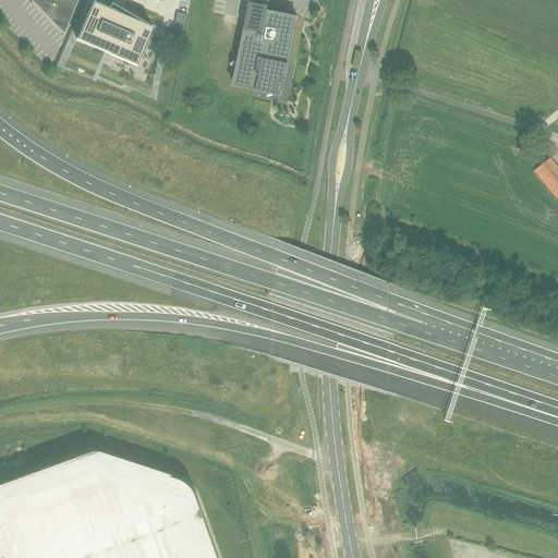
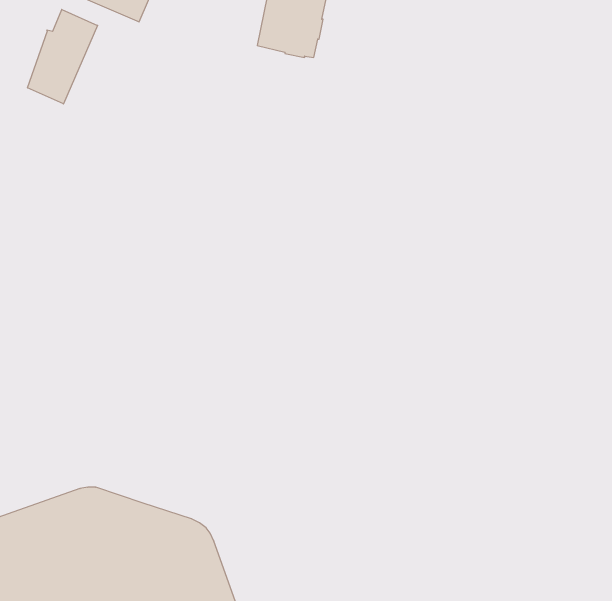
building: none -> [28,9,98,104]

